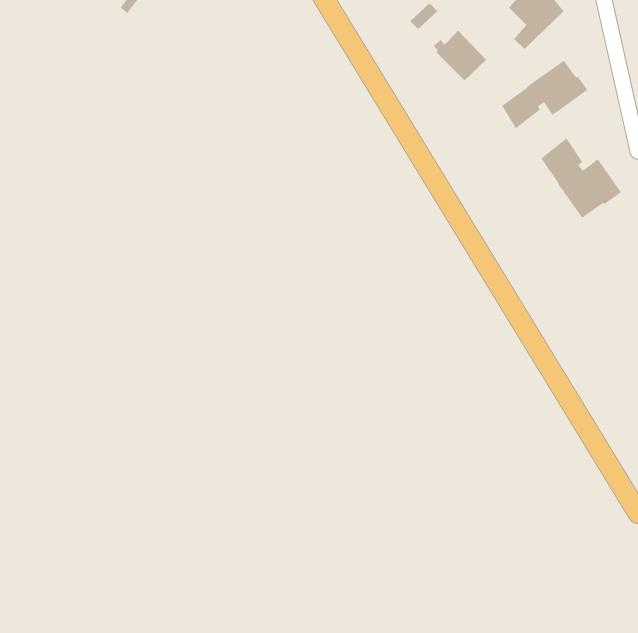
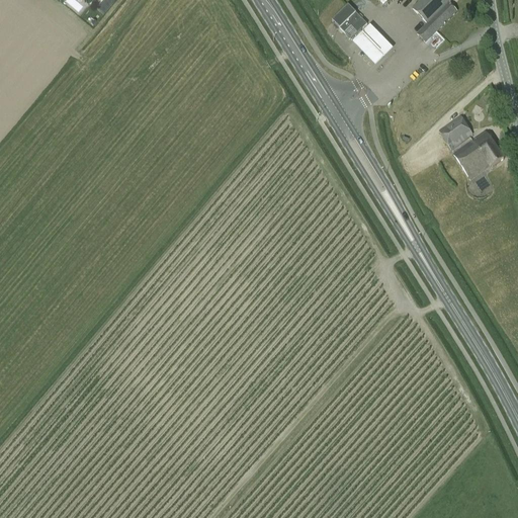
building: none -> [339,9,367,37]
building: [502,60,588,129] -> none

